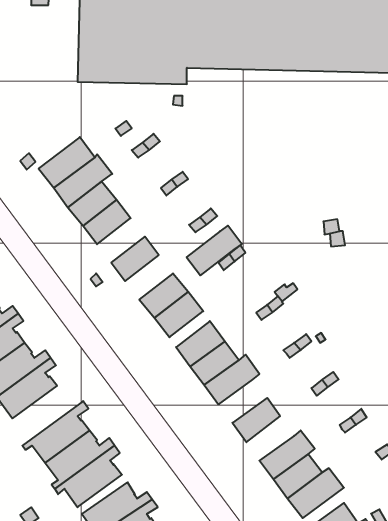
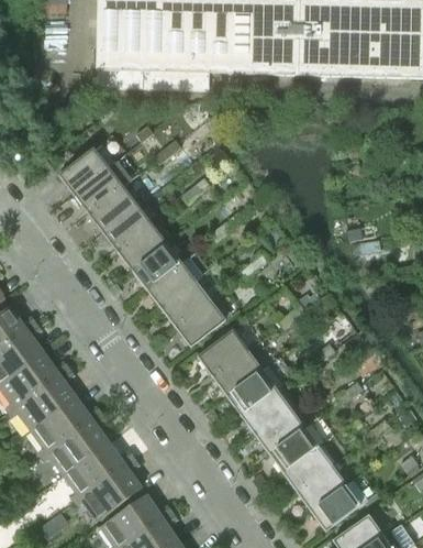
building: none -> [118,226,166,271]
building: [187,226,242,275] -> [146,257,202,308]
building: none -> [241,390,290,434]
building: none -> [32,396,103,457]
building: none -> [269,427,318,472]

